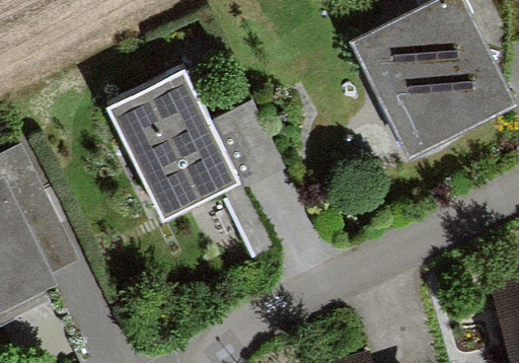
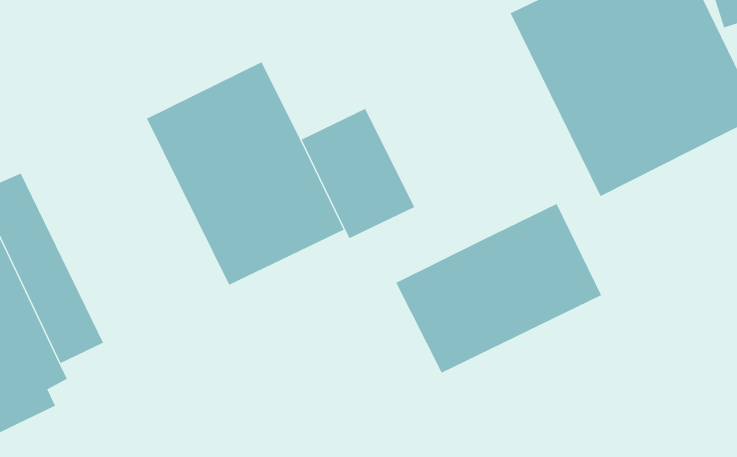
building: none -> [395,203,602,374]

